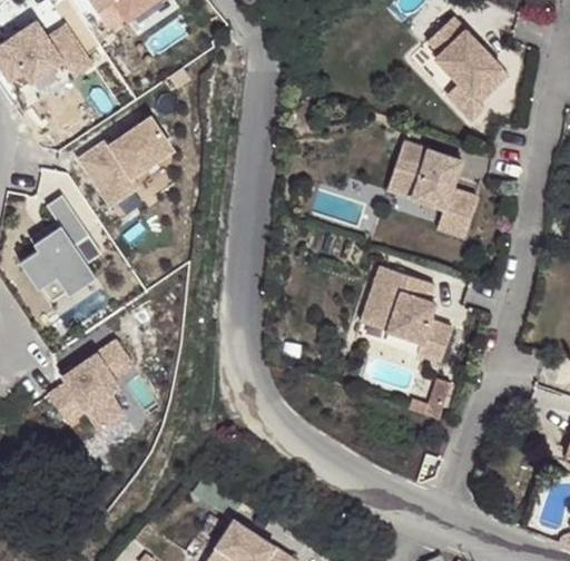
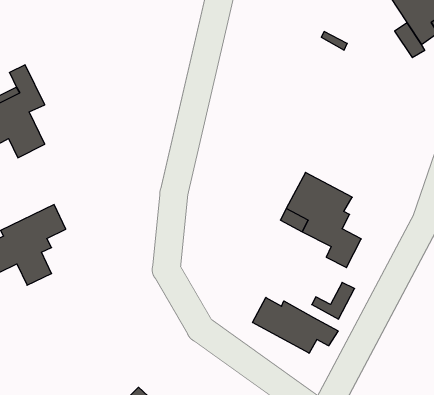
building: [77,120,169,206] -> none
building: [389,138,478,235] -> none
building: none -> [253,297,338,353]

